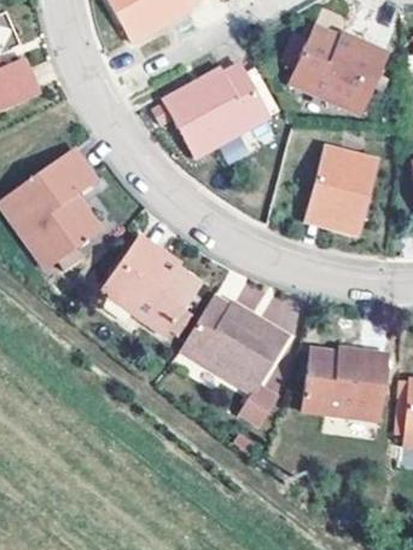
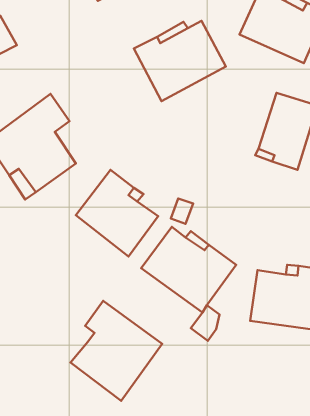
building: none -> [71,301,162,401]

